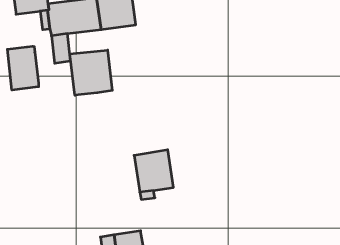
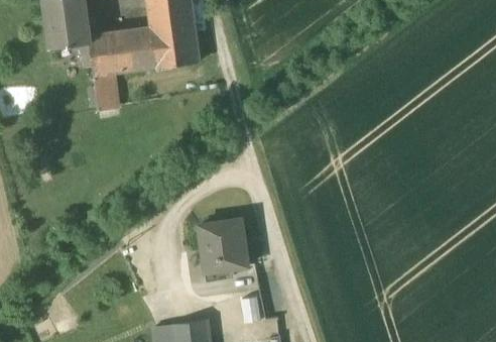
building: [7,46,39,90] -> none
building: [70,50,112,95] -> none

